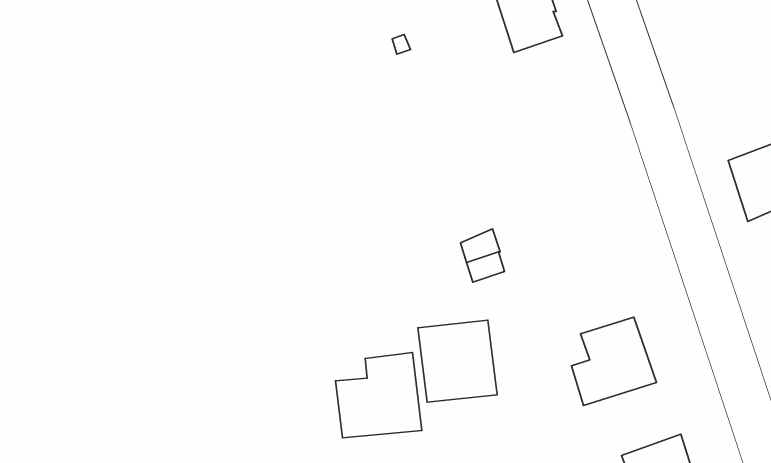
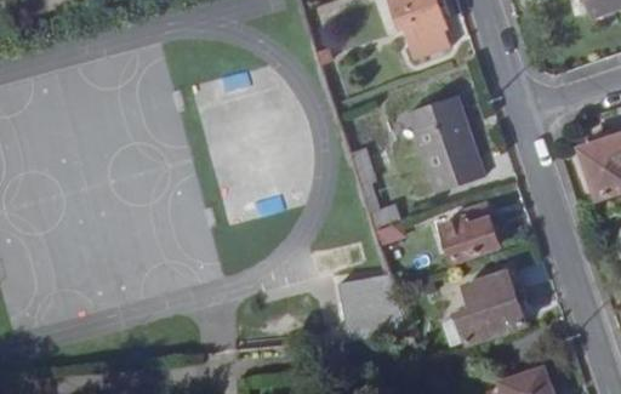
building: none -> [410,96,482,192]
building: none -> [439,205,497,261]
building: [336,353,422,438] -> none

